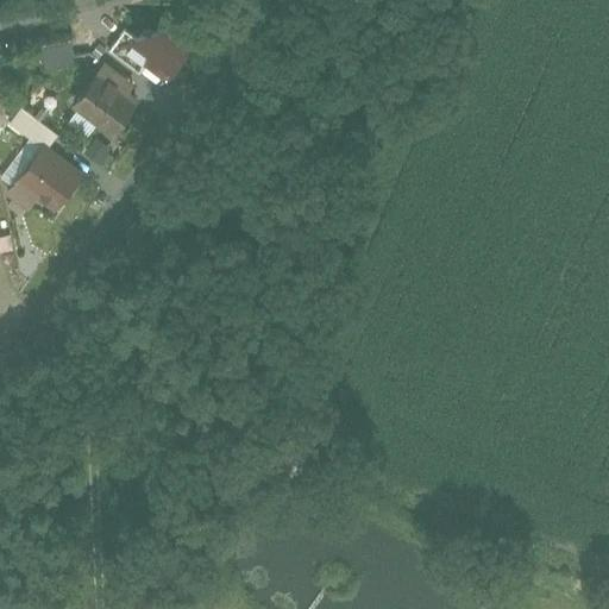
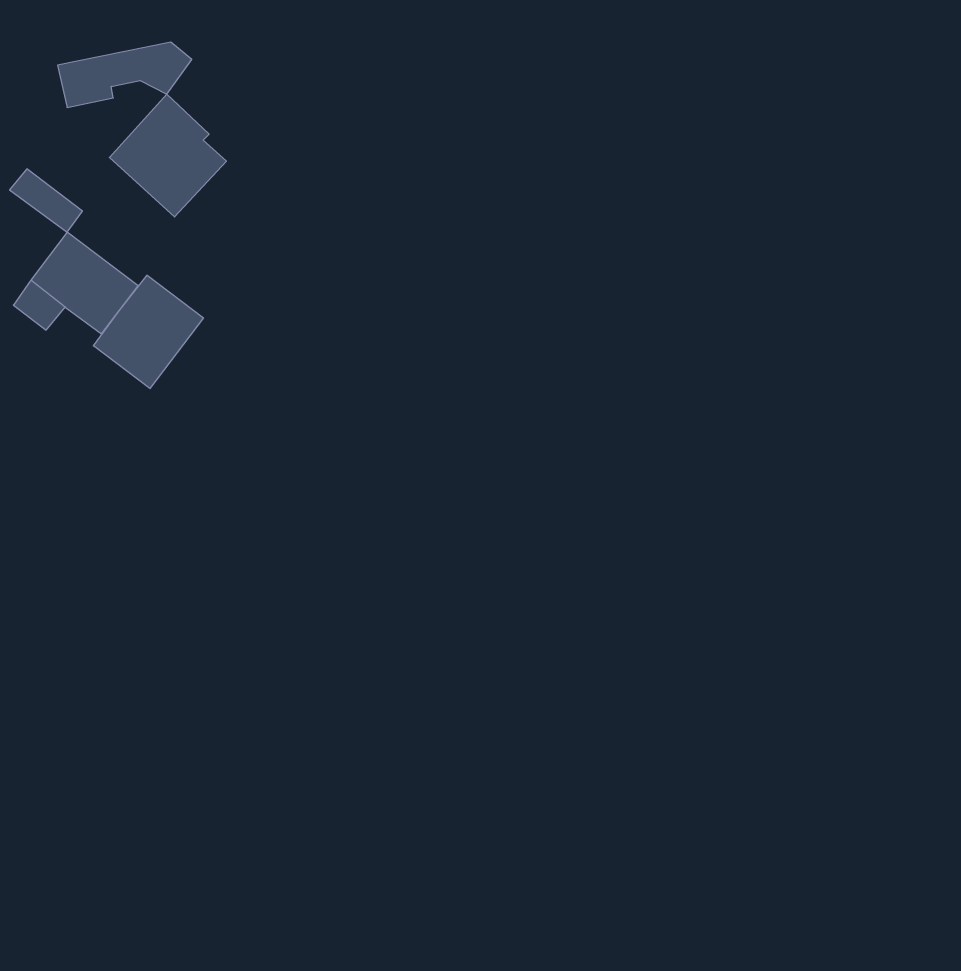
building: [123,19,194,80] -> none
building: none -> [93,275,203,389]

